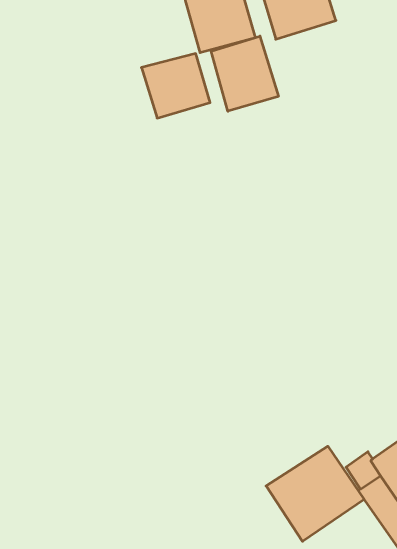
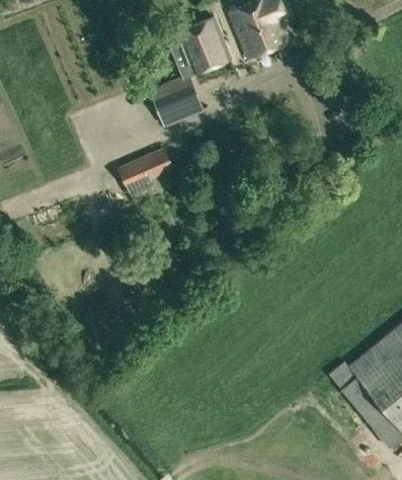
building: [211,36,278,111] -> none
building: none -> [116,145,173,190]
building: [266,446,364,541] -> none

